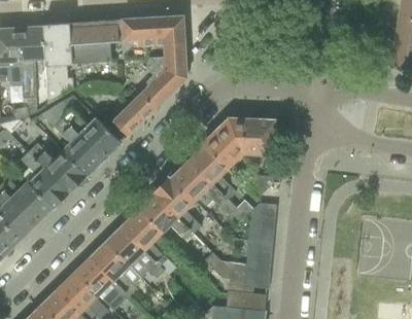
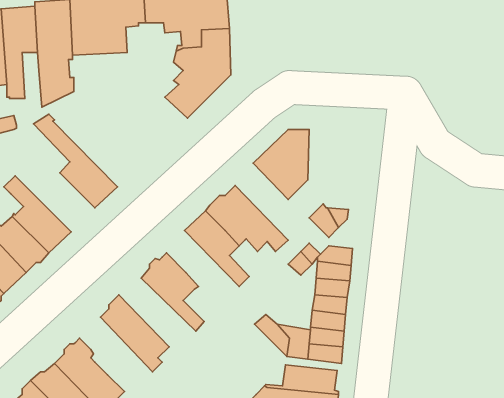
building: [113,95,156,137] -> none
building: [54,102,123,161] -> none
building: [244,118,276,156] -> none
building: [191,143,237,200] -> none
building: [29,144,88,193] -> none
building: [140,192,195,243] -> none
building: [105,227,166,279] -> none
building: [76,256,130,311] -> none

